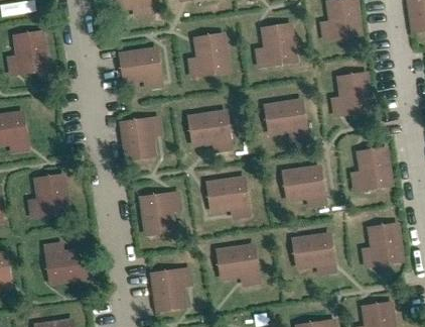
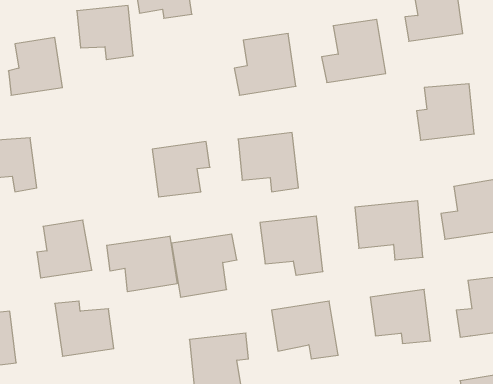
building: [121,49,165,92] -> [77,6,133,60]
building: [259,98,311,140] -> none
building: none -> [107,236,177,292]

